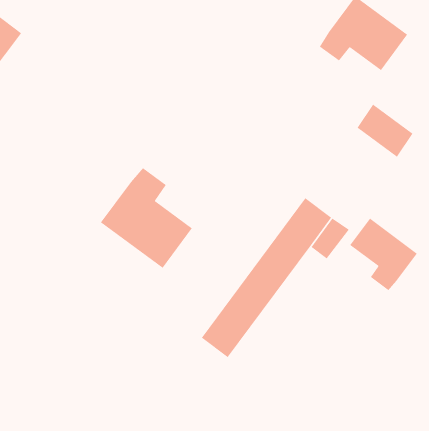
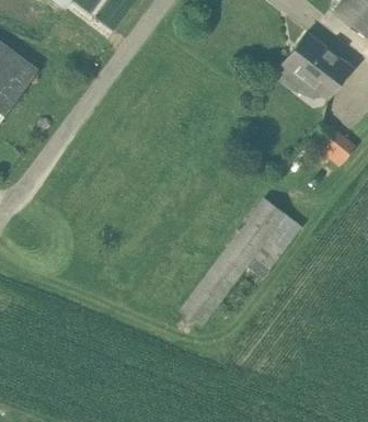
building: [100,167,193,269] -> none
building: [349,217,418,291] -> none

